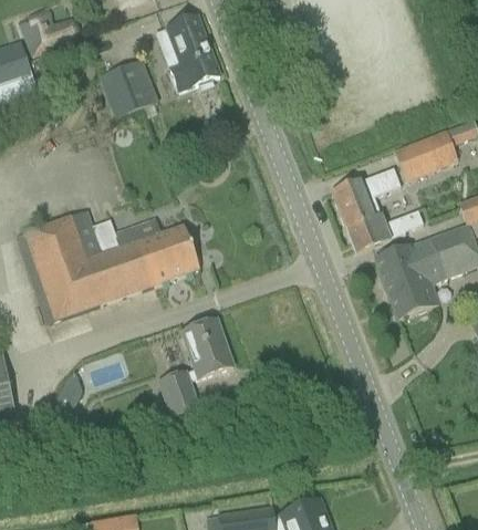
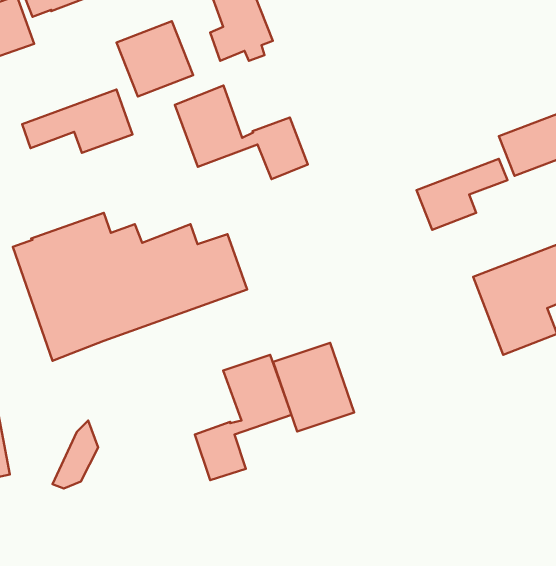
building: none -> [175,85,308,179]
building: none -> [22,89,132,153]
building: [343,209,422,252] -> none
building: none -> [273,343,354,431]

